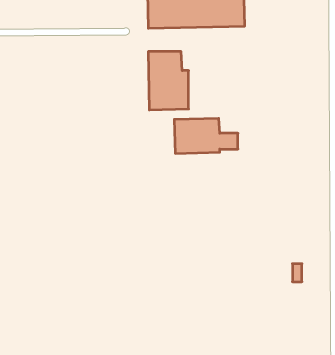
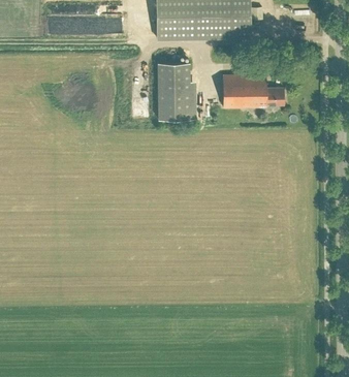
building: [174,118,238,153] -> [222,74,284,108]

